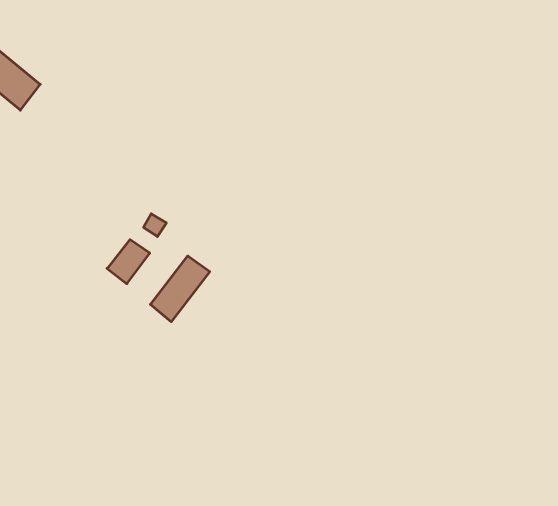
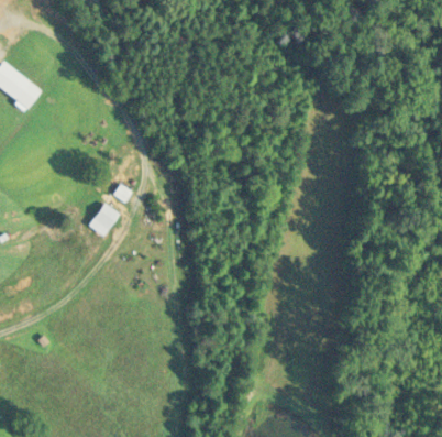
building: [150,256,210,322] -> none

